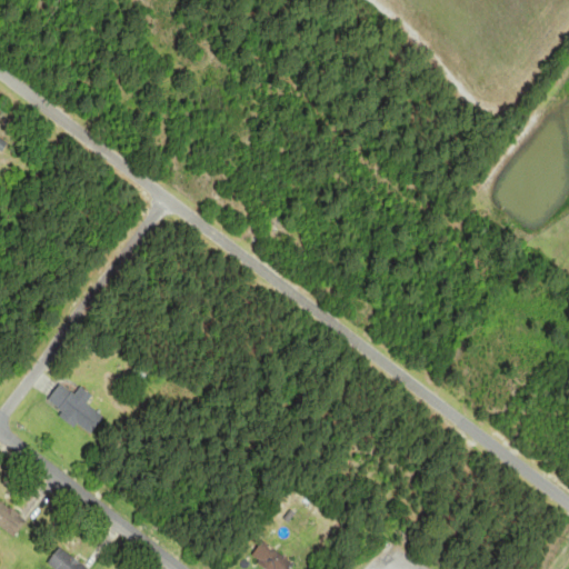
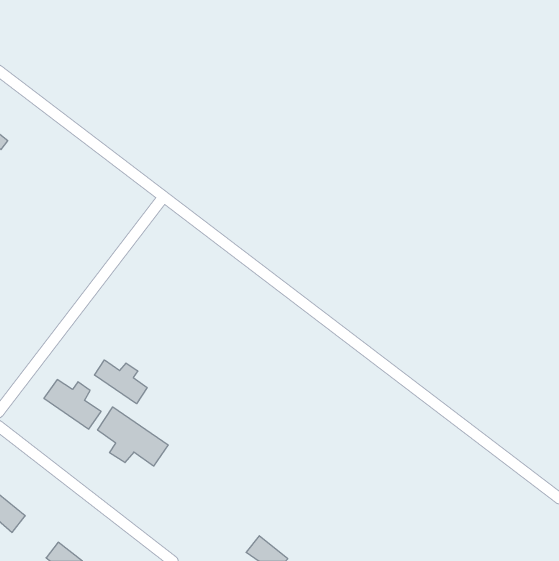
building: none -> [94,360,147,404]
building: none -> [98,407,168,466]

